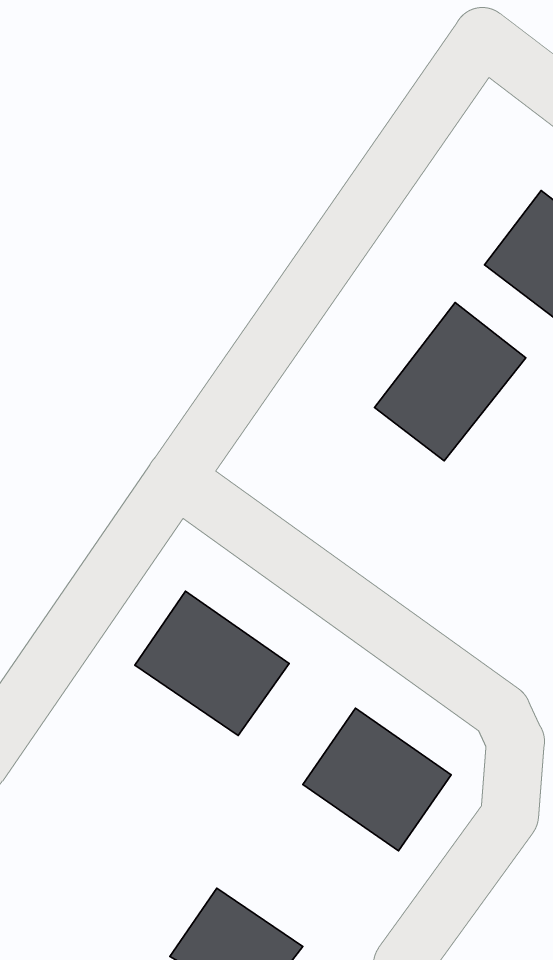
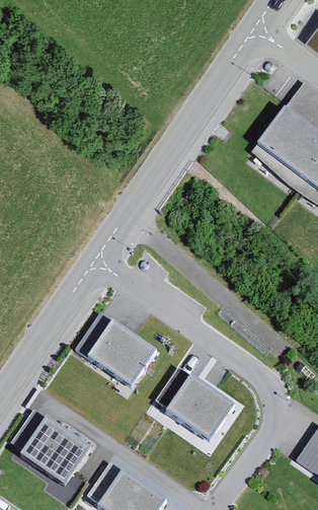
building: [374,303,526,461] -> none
building: none -> [16,420,87,486]

